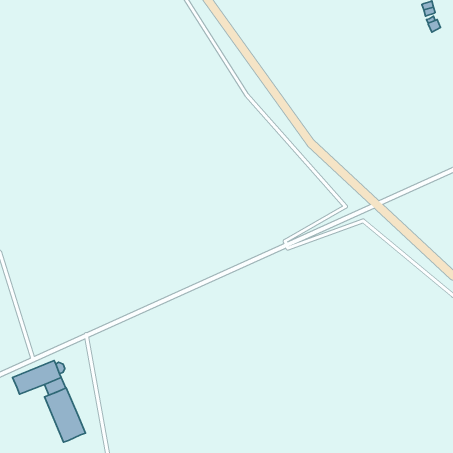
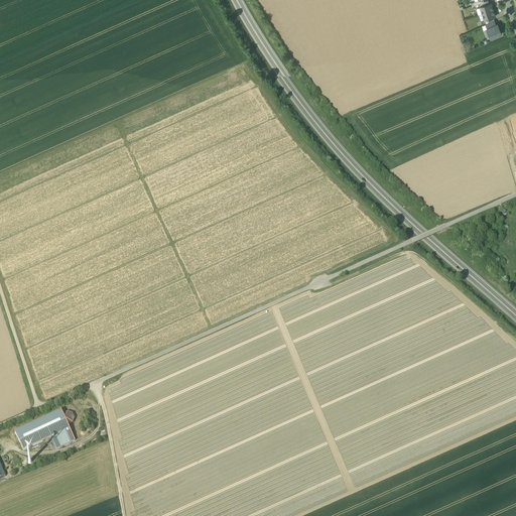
building: [45,388,85,442] -> none

